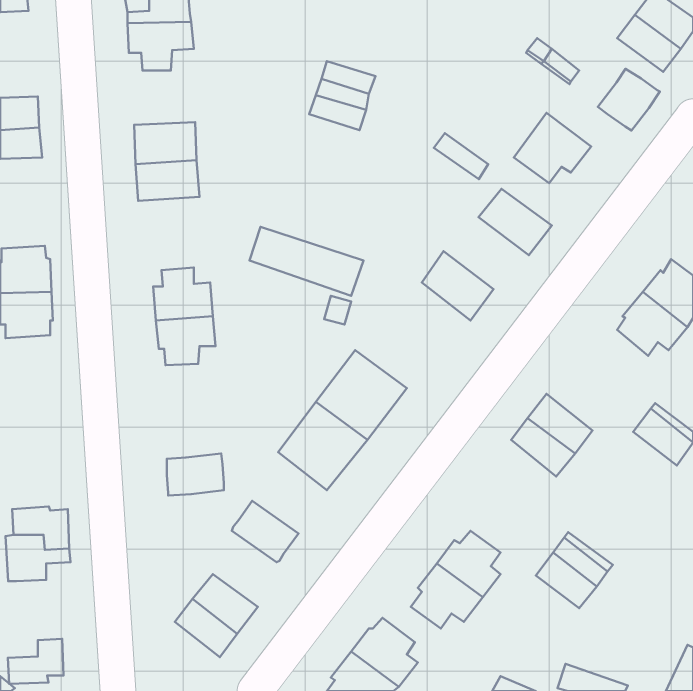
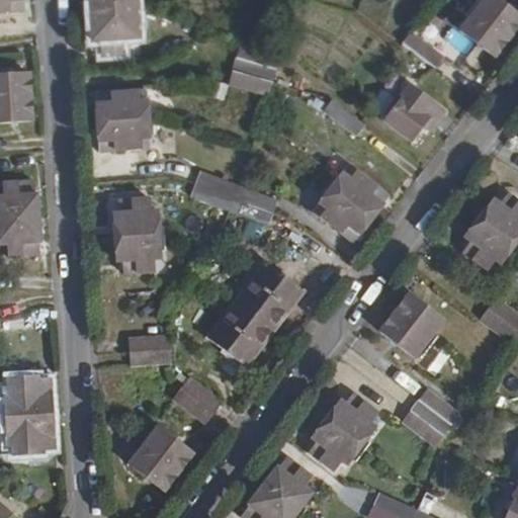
building: [598,69,660,130] -> none
building: [479,189,552,255] -> [331,166,385,215]
building: [8,639,64,684] -> [12,419,54,452]

